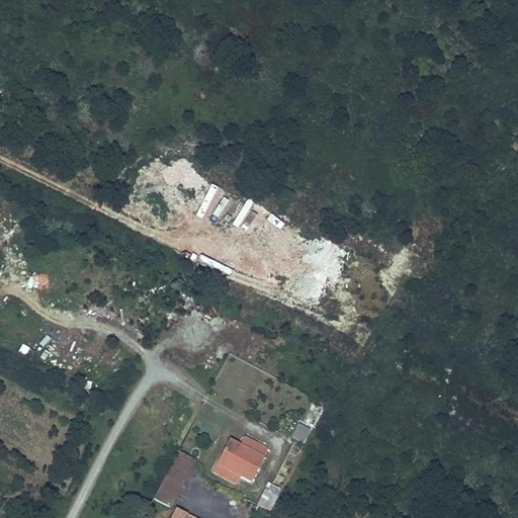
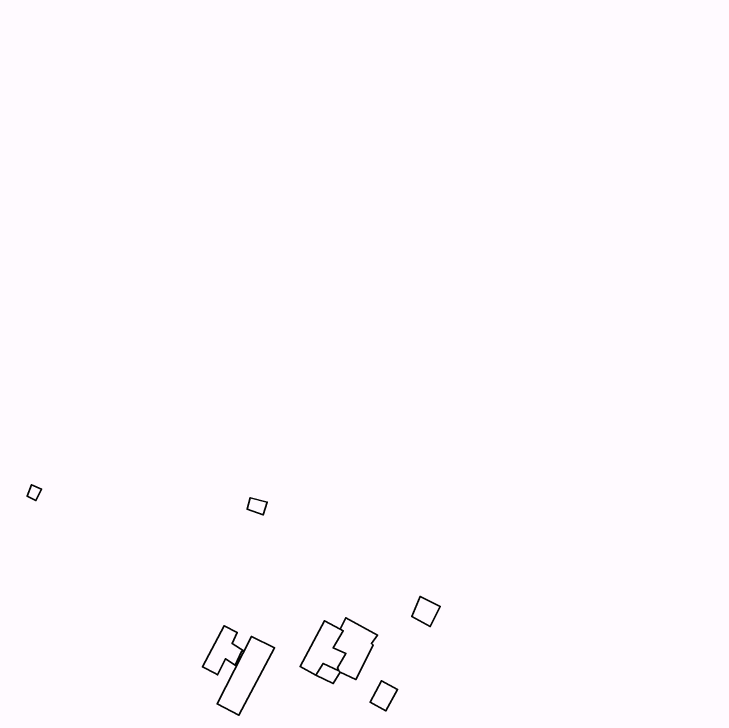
building: none -> [202,626,244,675]

